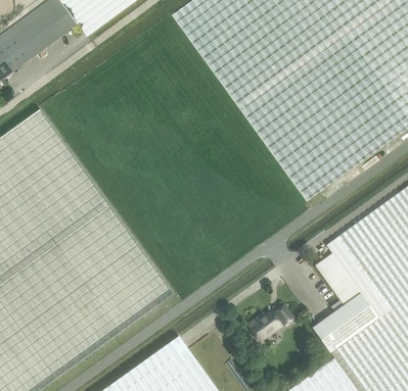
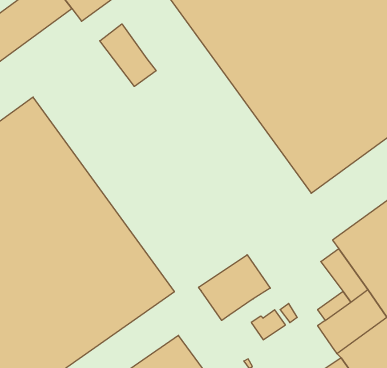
building: none -> [100,24,156,86]
building: none -> [199,255,270,320]

